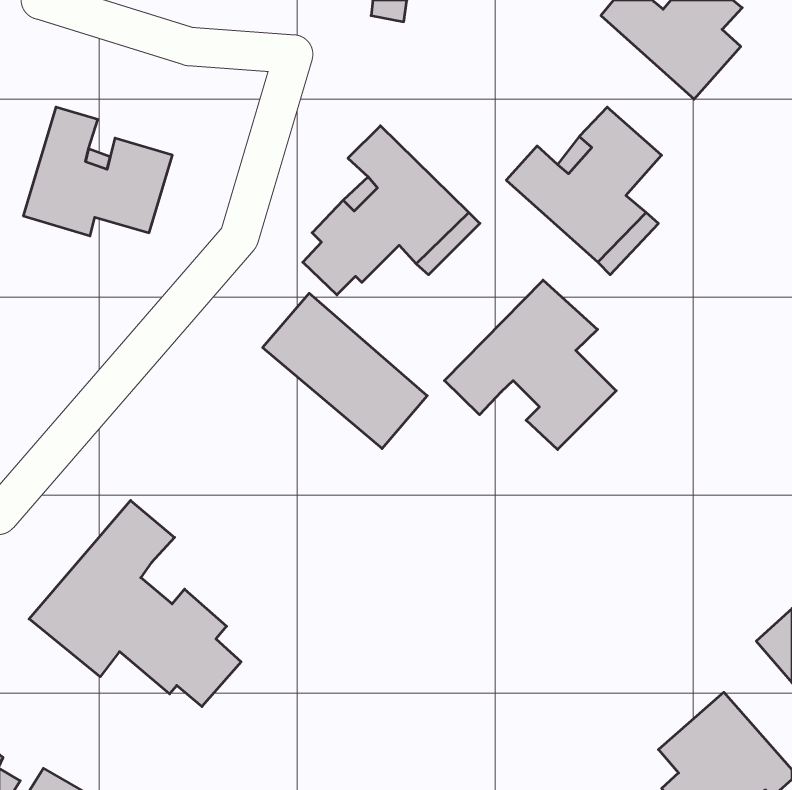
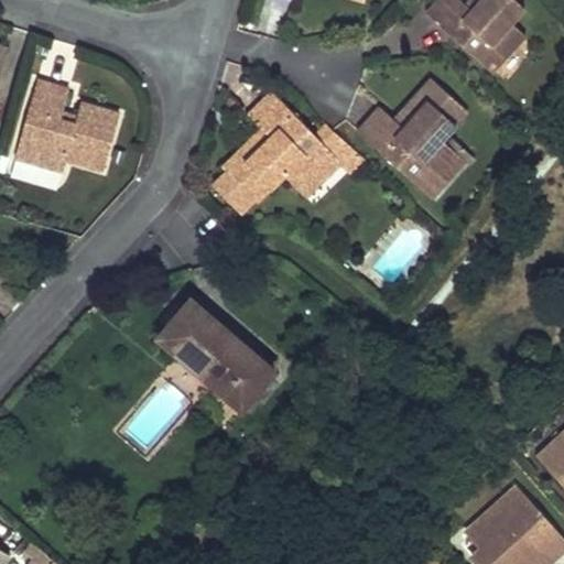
building: [444,280,616,450] -> none
building: [263,293,427,449] -> [156,300,273,410]
building: [29,500,241,707] -> none

